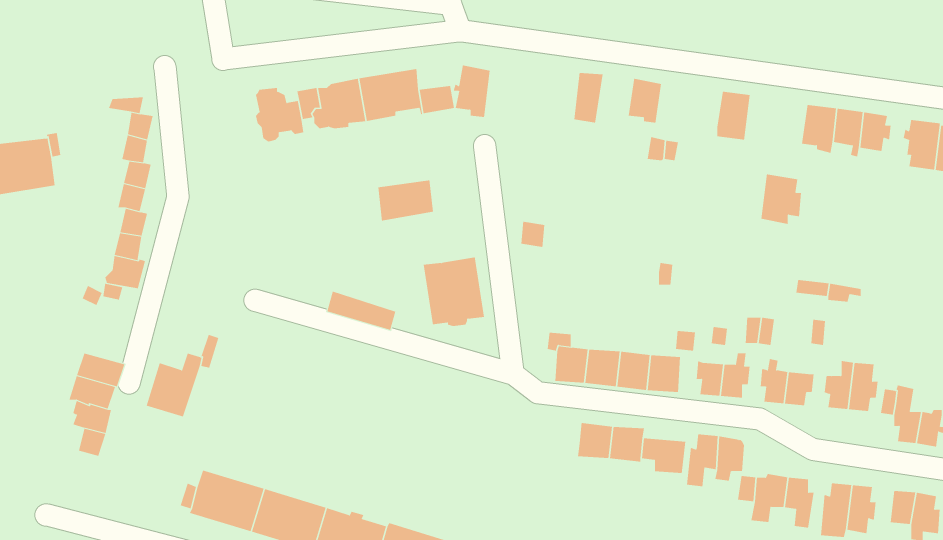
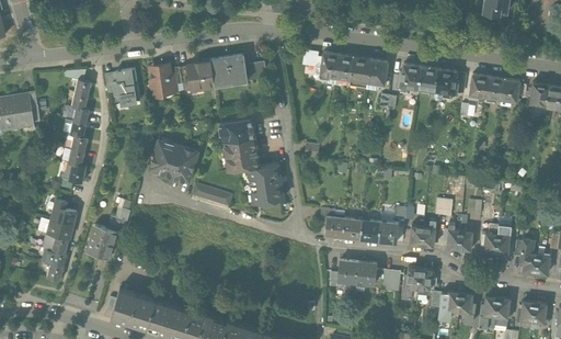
building: [453,65,490,118] -> [317,54,339,84]
building: none -> [348,58,370,89]
building: none -> [397,65,422,89]
building: none -> [104,69,140,106]
building: [760,174,802,225] -> [435,70,459,100]
building: none -> [224,138,259,172]
building: none -> [150,140,198,181]
building: none -> [50,200,78,227]

